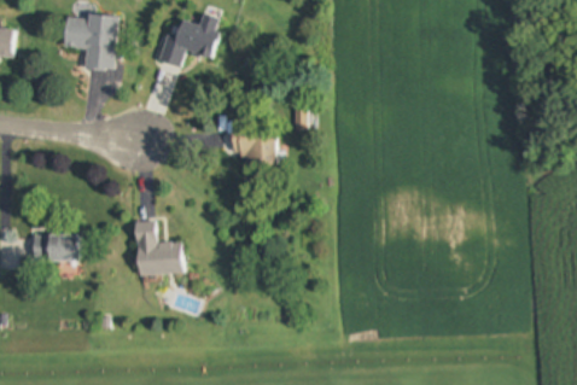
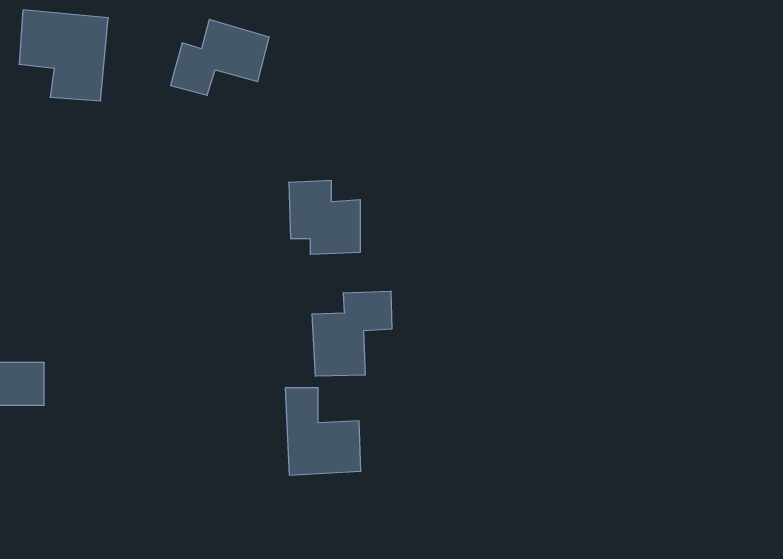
building: none -> [312,291,392,376]
building: [135,221,182,275] -> [285,388,361,475]

